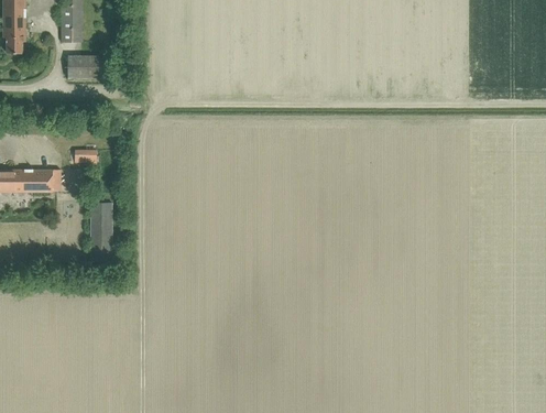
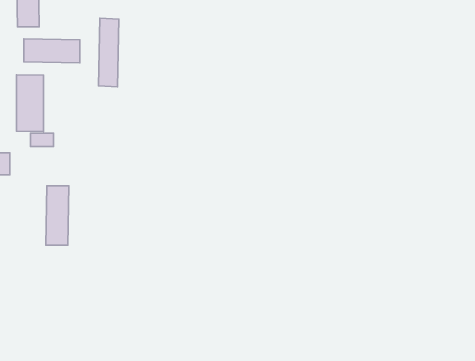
building: none -> [98,18,119,87]
building: none -> [16,75,44,132]

